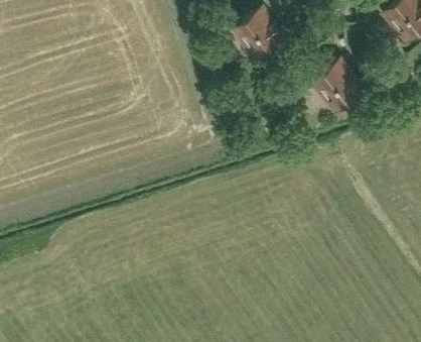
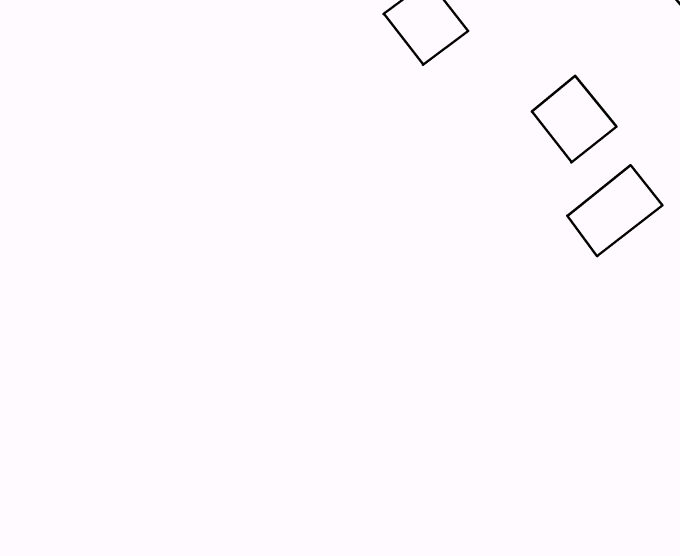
building: none -> [567,165,662,256]

